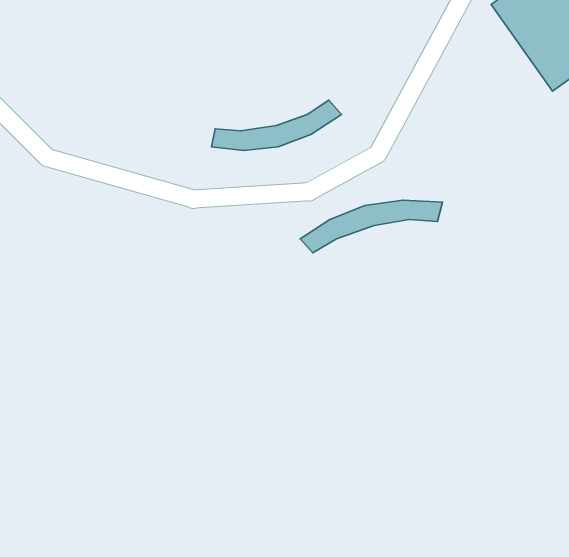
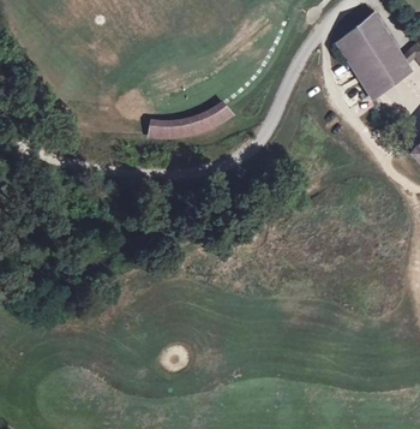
building: [300,200,442,253] -> none

